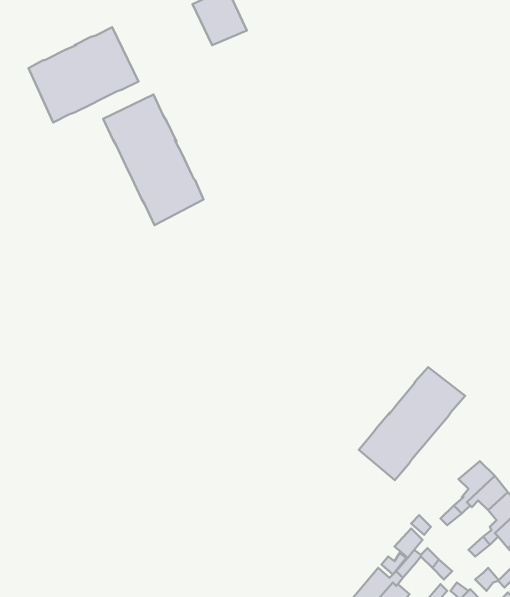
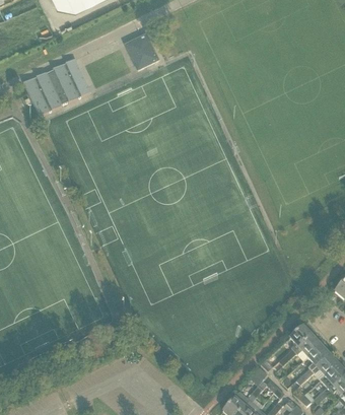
building: [103,95,204,225] -> none
building: [359,367,465,480] -> none

